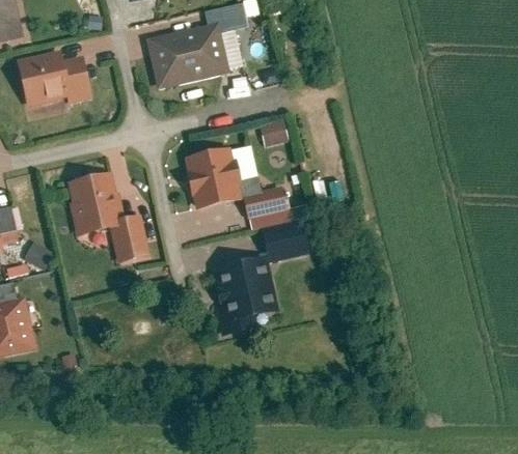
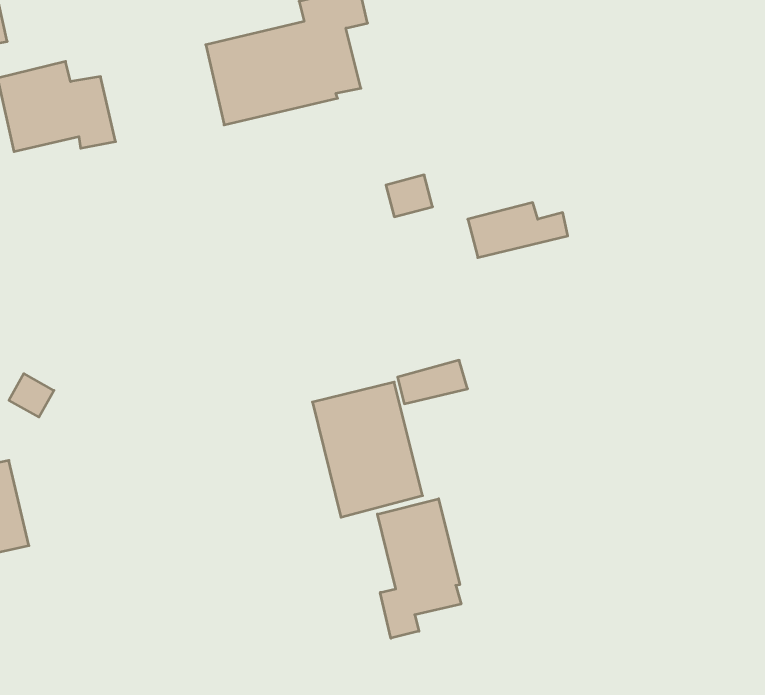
building: [184,145,243,208] -> none
building: [65,169,151,264] -> none
building: [246,195,308,229] -> [468,203,568,258]
building: none -> [377,499,461,638]

